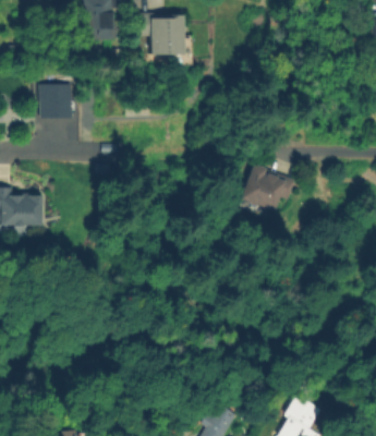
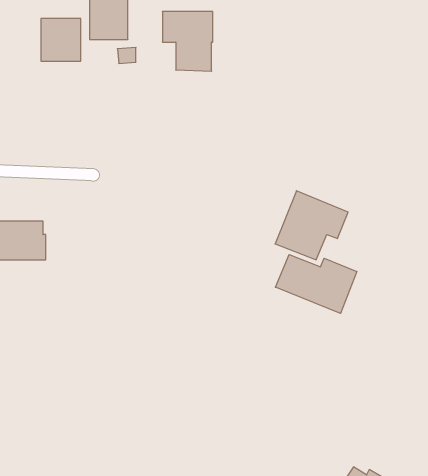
building: [40,83,73,118] -> [41,19,81,61]
building: none -> [275,255,357,313]

